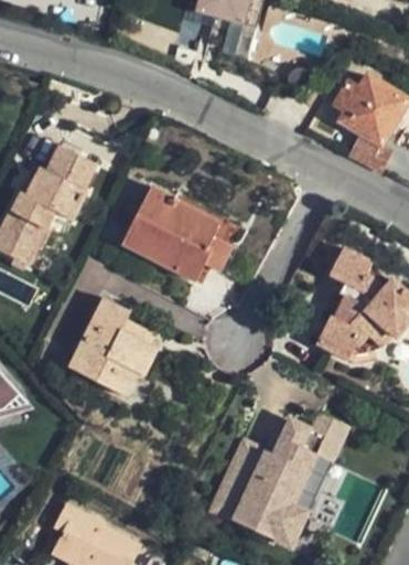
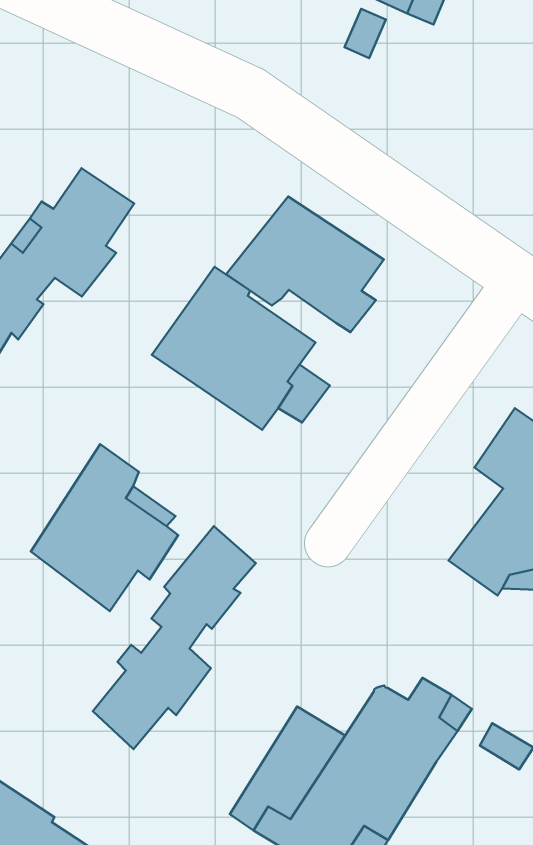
building: none -> [226,197,384,332]
building: none -> [93,526,256,749]

